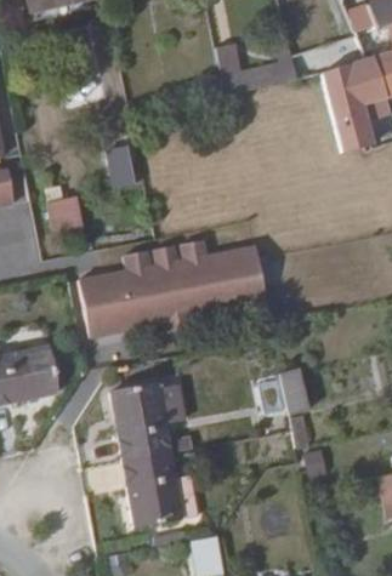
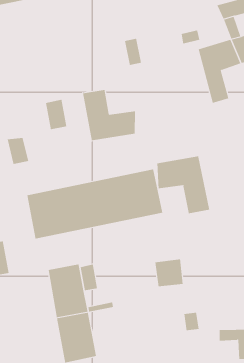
building: none -> [83,89,135,141]
building: none -> [157,156,210,214]

